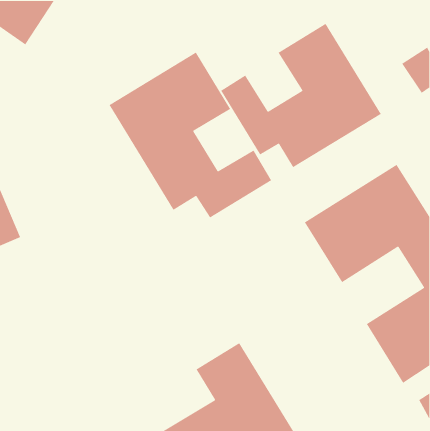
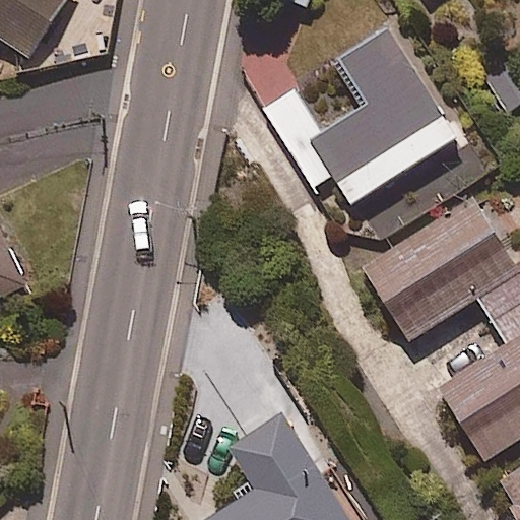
building: [108,51,272,219] -> none

